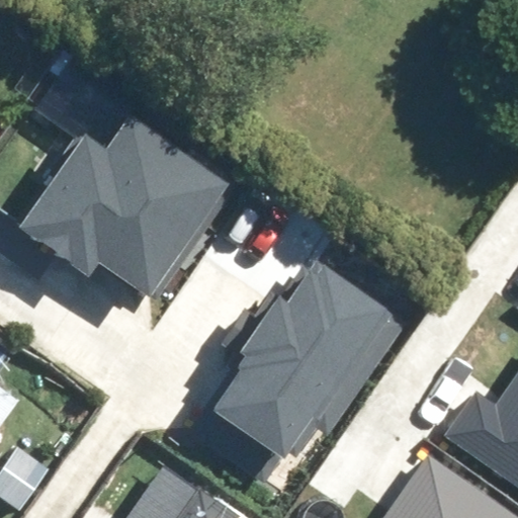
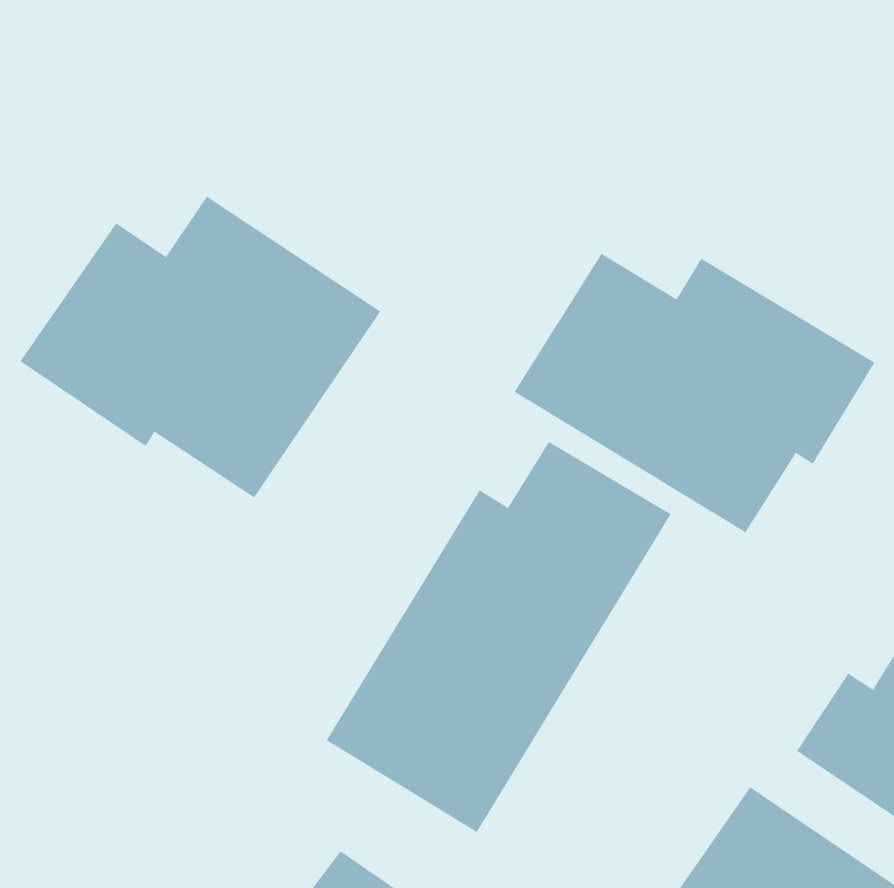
building: none -> [514,253,875,533]

